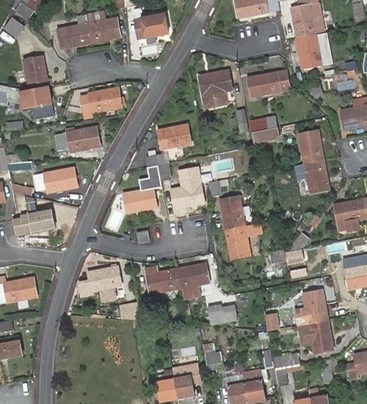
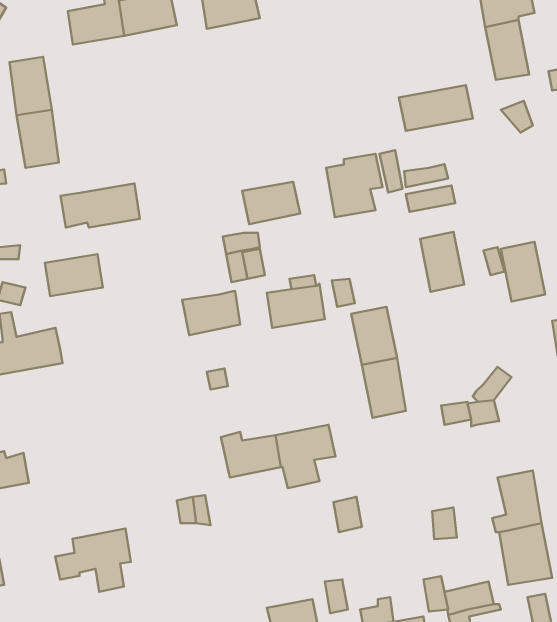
building: [200,70,232,106] -> [326,154,382,217]
building: [79,87,121,113] -> none
building: [298,129,323,163] -> [420,232,464,292]
building: [78,266,121,302] -> [55,528,131,592]

